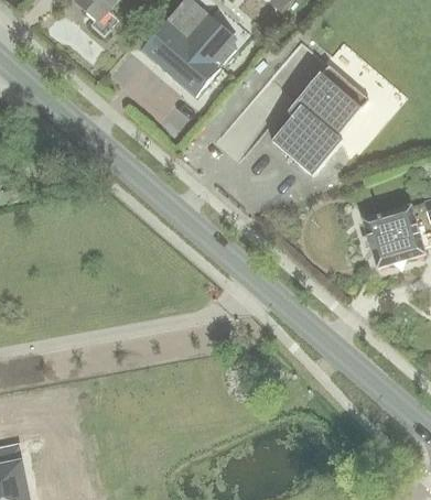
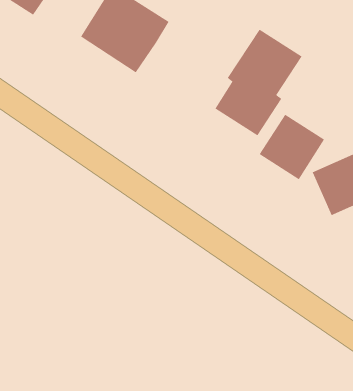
building: none -> [259,114,325,180]

